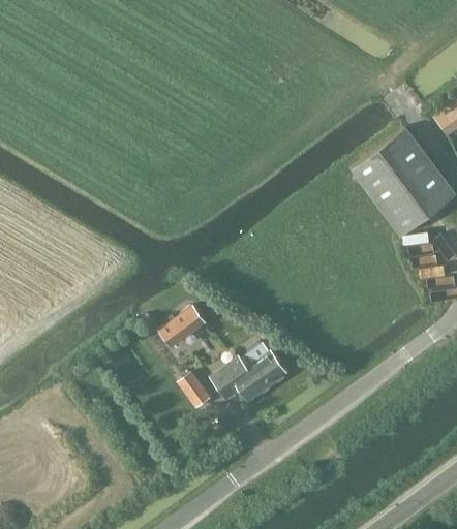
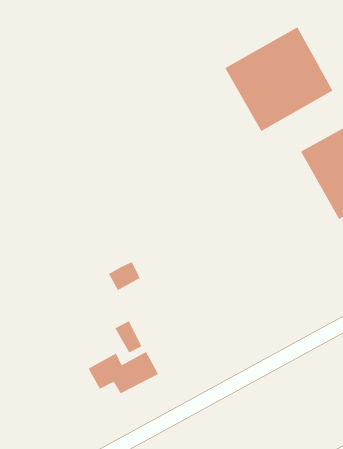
building: none -> [224,26,333,132]
building: [212,351,288,401] -> [88,351,159,394]

